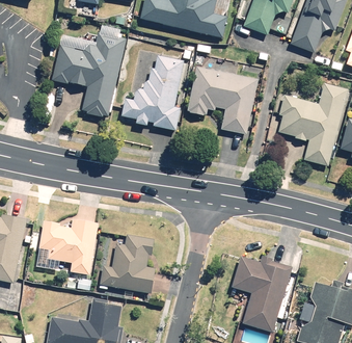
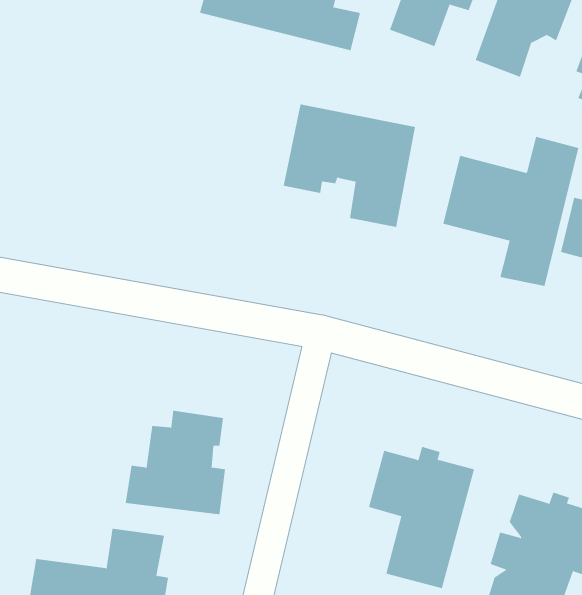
building: [53,25,126,118] -> none
building: [121,57,183,131] -> none
building: [36,219,98,274] -> none

